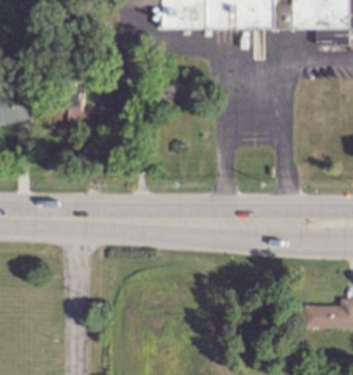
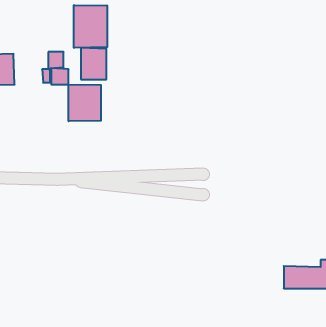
building: none -> [74,5,107,48]
building: none -> [69,85,101,121]

